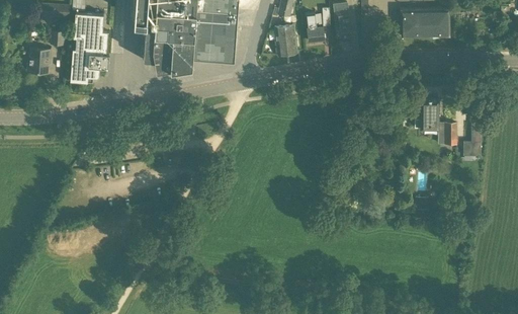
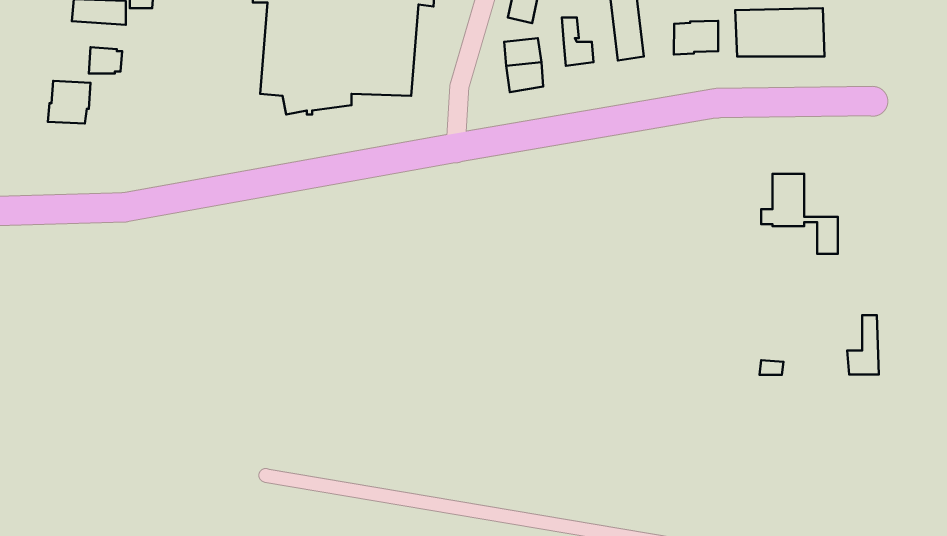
building: [71,13,109,84] -> none
building: none -> [674,21,718,54]
building: [462,124,480,156] -> [847,315,879,375]

